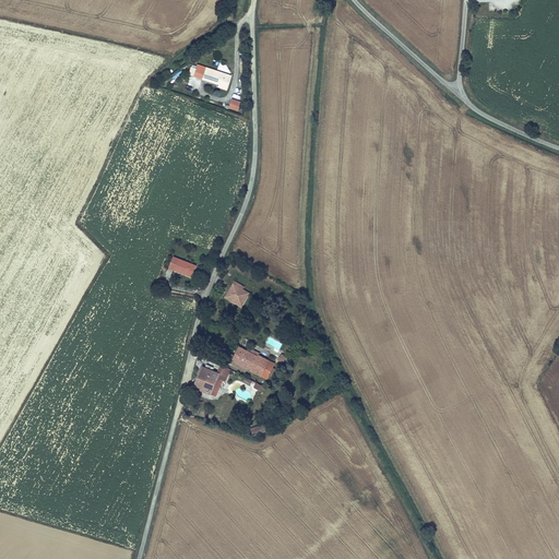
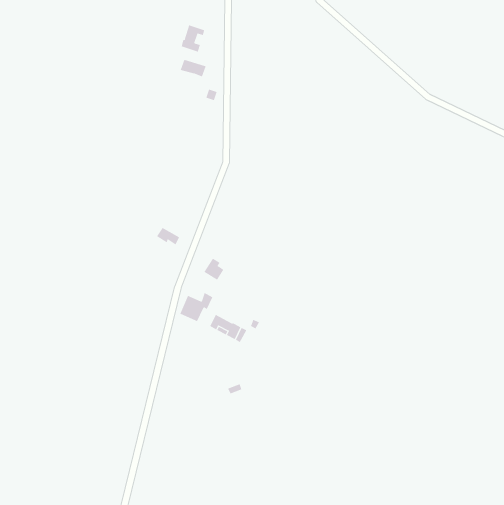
building: none -> [181,25,205,53]
building: [193,364,230,396] -> [180,292,213,322]

